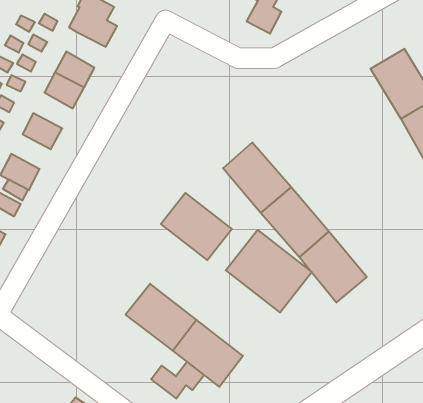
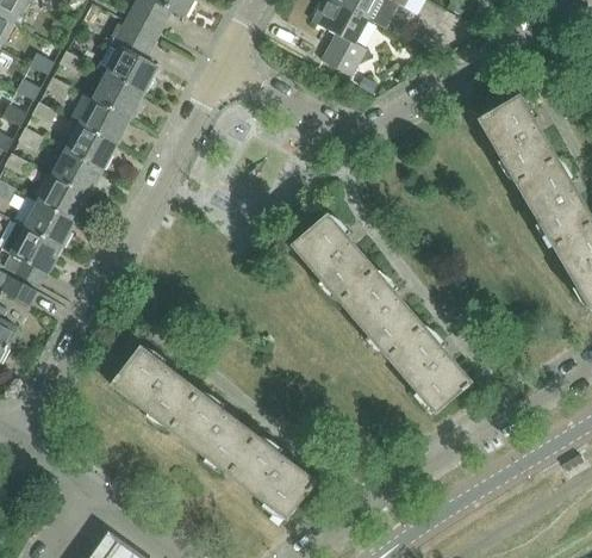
building: none -> [93,73,143,118]
building: none -> [51,149,101,194]
building: none -> [24,202,74,246]
building: [161,193,232,260] -> [110,345,199,429]
building: [226,230,312,313] -> none
building: [151,362,204,399] -> none

